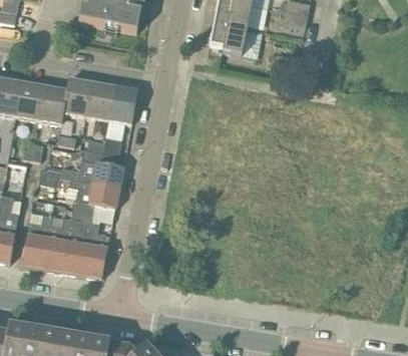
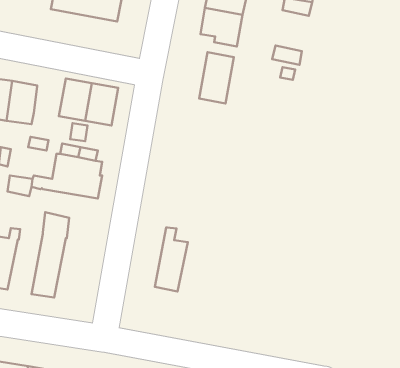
building: none -> [199,52,234,104]
building: [63,79,91,116] -> none
building: [69,181,119,209] -> none
building: [40,218,71,273] -> none
building: [81,224,110,280] -> [155,227,188,291]

